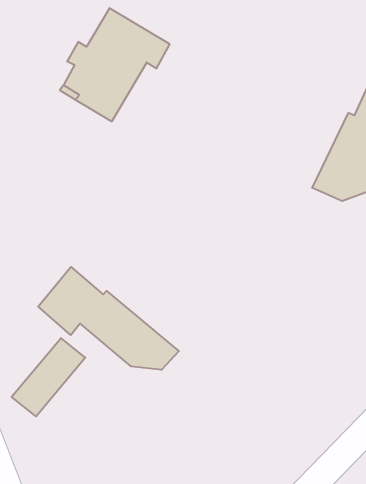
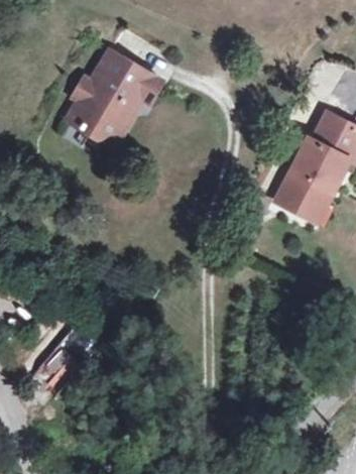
building: [38,267,179,370] -> none

